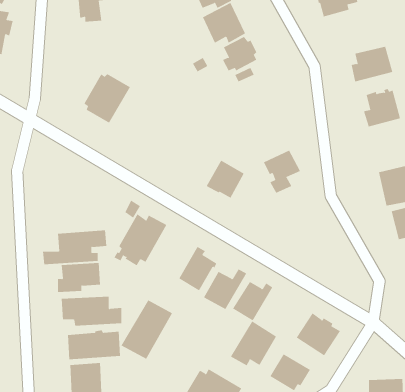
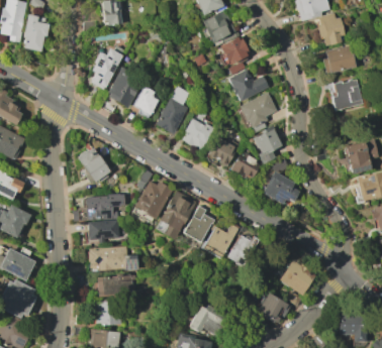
building: none -> [318,12,346,45]
building: none -> [91,47,123,90]
building: none -> [229,69,270,101]
building: none -> [132,86,159,118]
building: none -> [156,86,190,134]
building: none -> [241,92,278,132]
building: none -> [184,118,215,149]
building: none -> [78,147,110,184]
building: none -> [230,152,261,178]
building: none -> [262,170,300,205]
building: [120,299,173,359] -> [155,191,197,239]
building: [230,320,277,366] -> none

